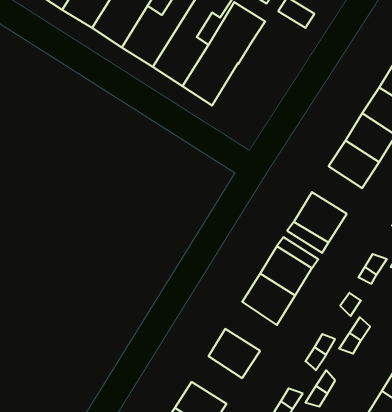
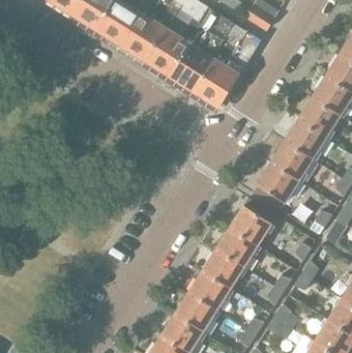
building: none -> [192,25,259,108]
building: none -> [271,141,312,179]
building: none -> [202,249,243,289]
building: none -> [175,293,215,331]

